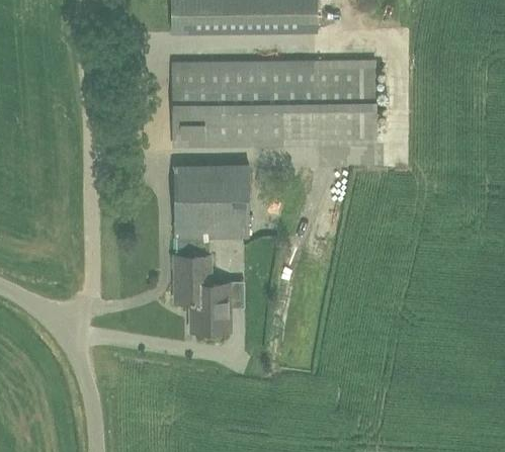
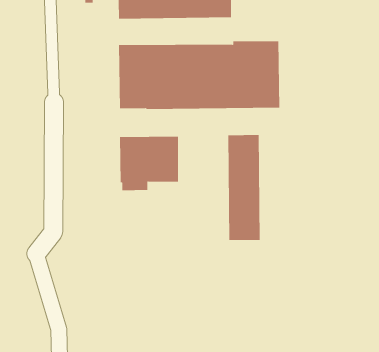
building: none -> [228,134,260,241]
building: [174,246,232,332] -> none

